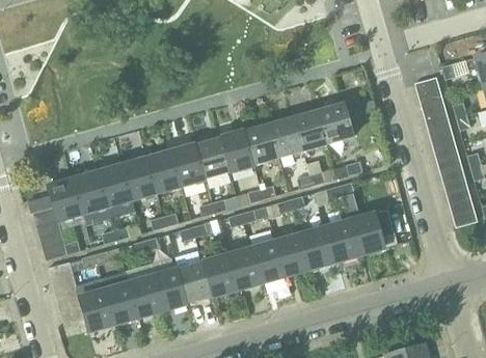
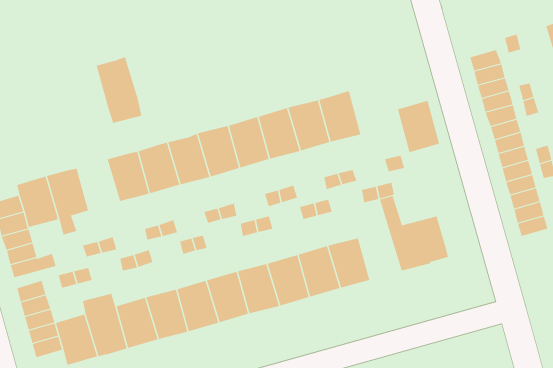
building: [318,101,352,143] -> [397,100,440,153]
building: [99,163,136,217] -> [96,56,142,123]
building: [325,219,359,260] -> none

